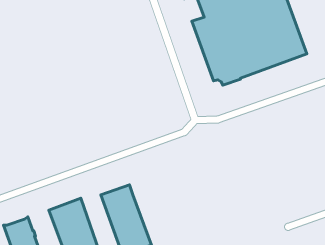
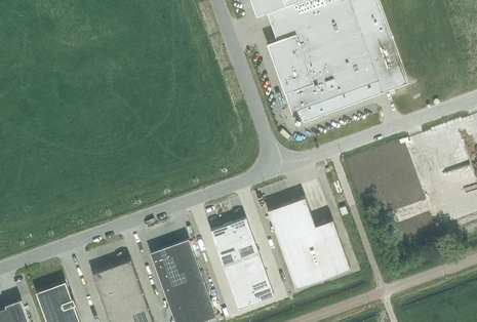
building: none -> [268,197,350,289]
building: none -> [210,218,274,309]

